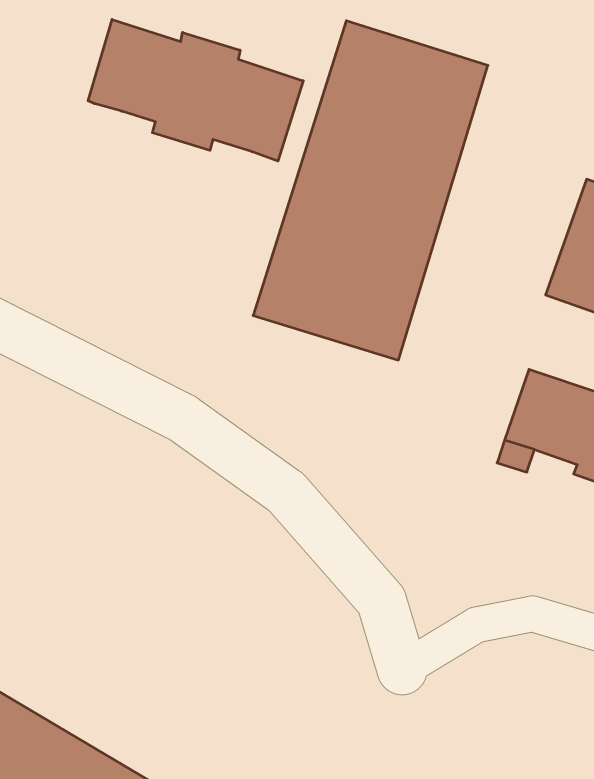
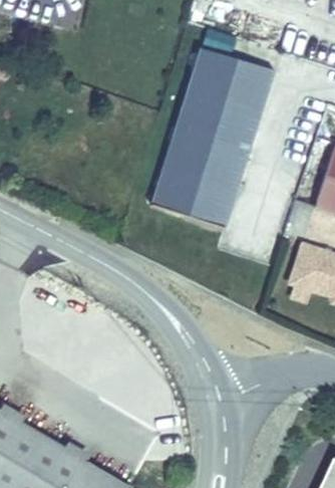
building: [88,19,303,161] -> none

